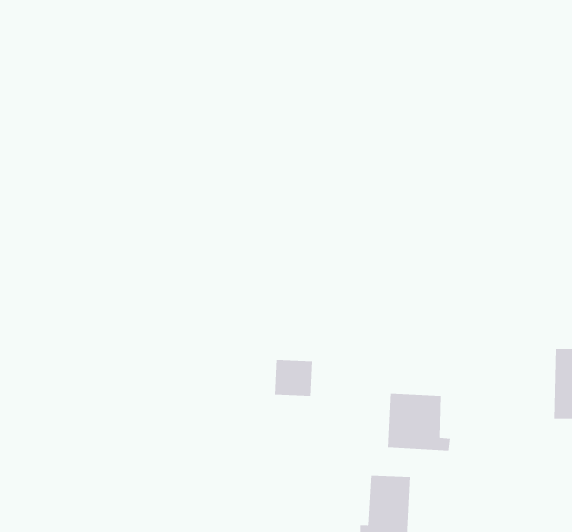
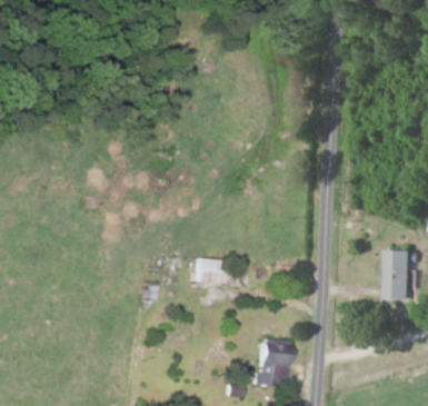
building: [387,393,450,451] -> none

